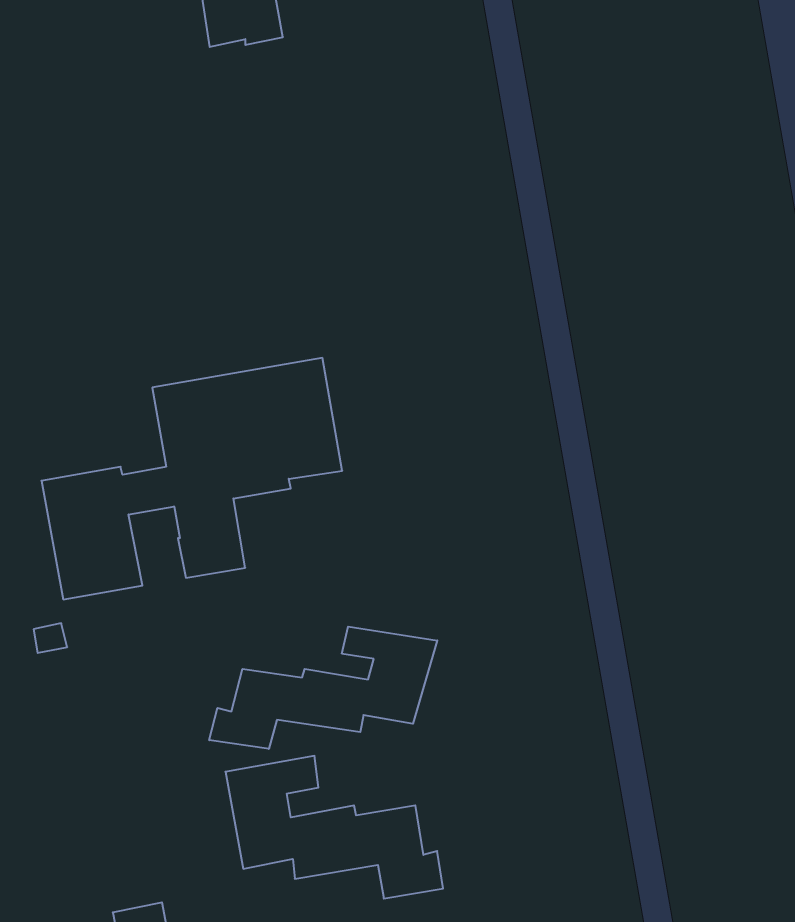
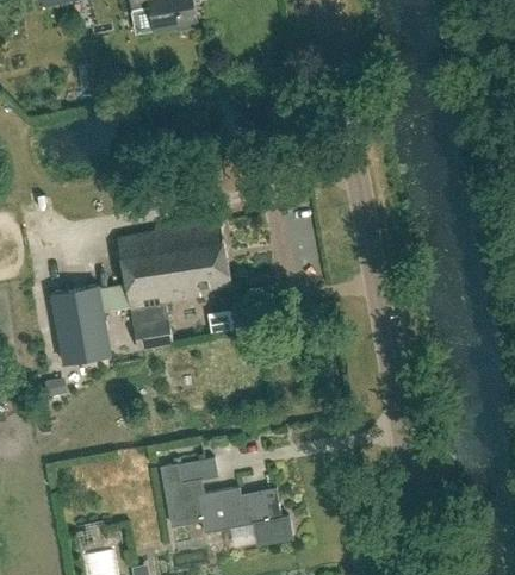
building: [209,627,437,749] -> none

